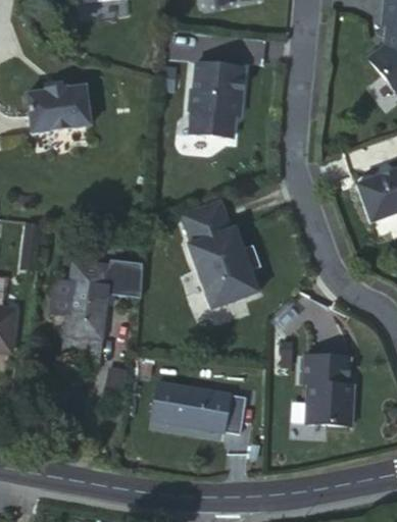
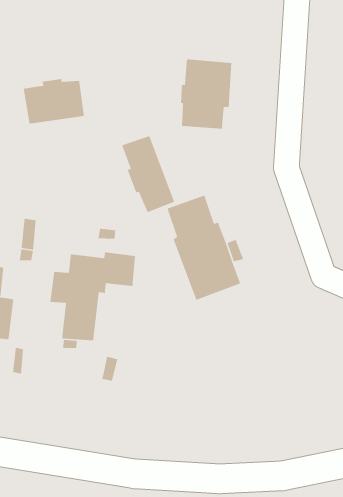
building: none -> [121,135,175,213]
building: [296,353,348,423] -> none
building: [154,382,247,434] -> none

